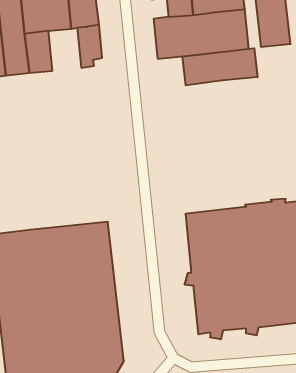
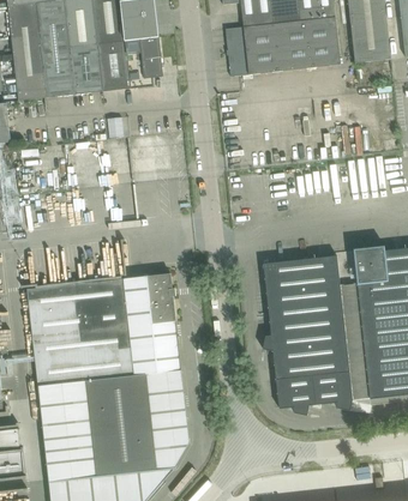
building: none -> [97,40,137,91]
building: [183,48,257,85] -> none

